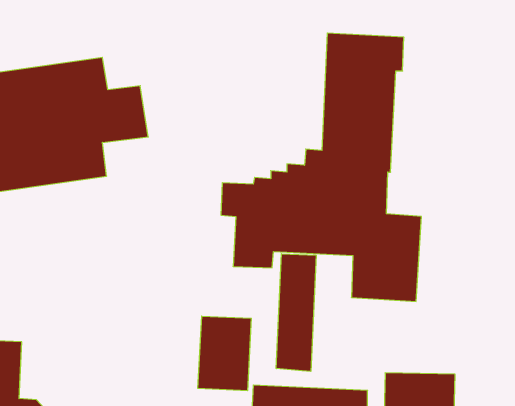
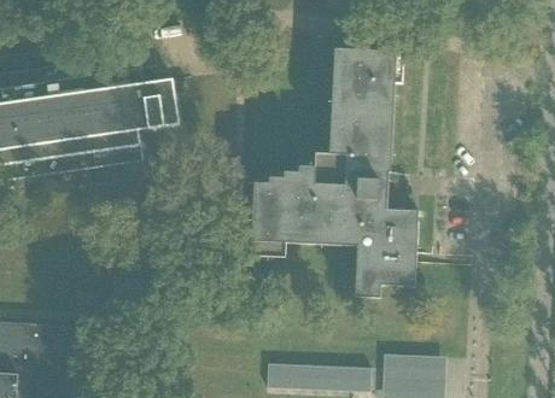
building: [276,254,316,371] -> none
building: [198,316,251,391] -> none

